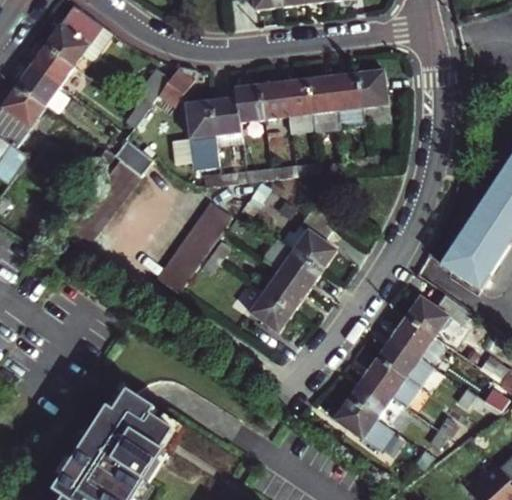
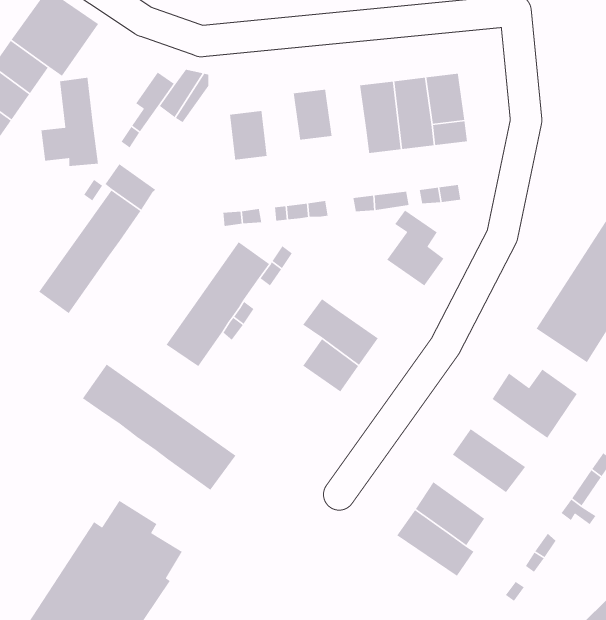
building: [281,79,311,118] -> none
building: [232,85,261,124] -> none
building: [172,101,216,169] -> [41,77,99,167]
building: [292,212,336,270] -> [386,209,445,286]
building: none -> [82,364,237,491]
building: [249,291,292,331] -> none
building: [390,316,435,358] -> none
building: [362,358,417,407] -> none

